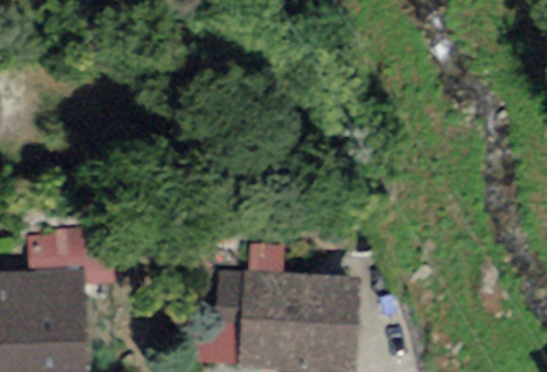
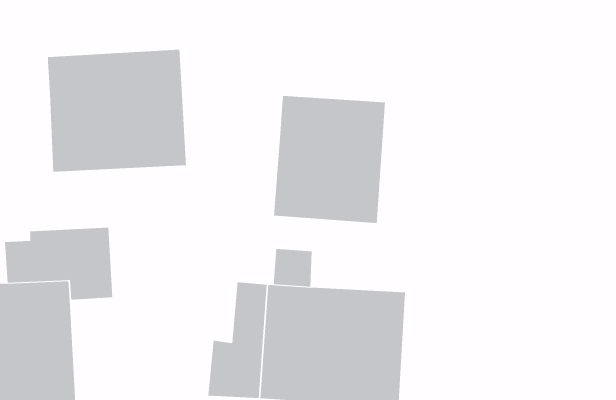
building: none -> [47,49,187,173]
building: none -> [274,95,385,224]

